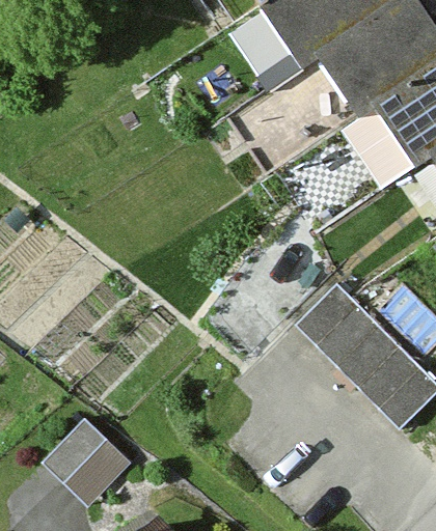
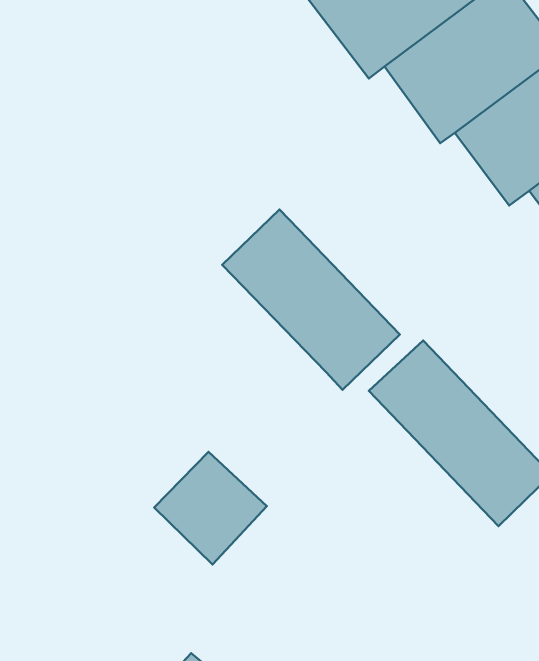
building: none -> [222,210,400,390]
building: [42,432,130,521] -> [154,452,267,565]

